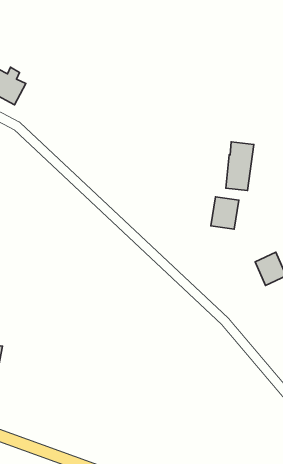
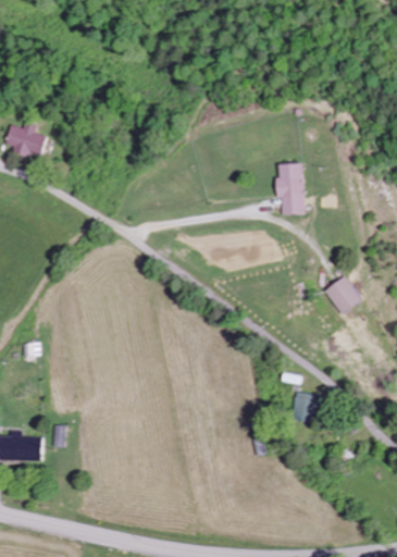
building: [211,197,239,229] -> none
building: none -> [290,389,322,424]

